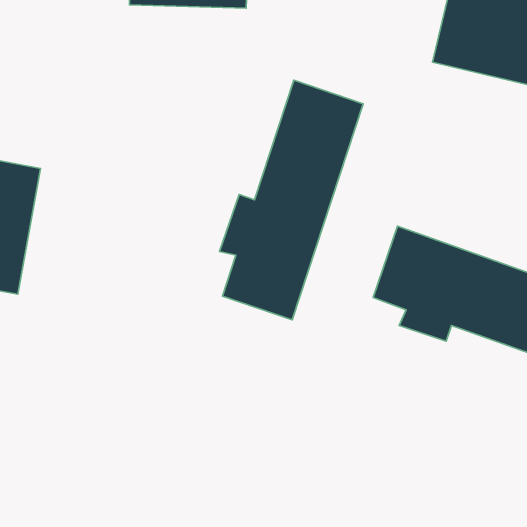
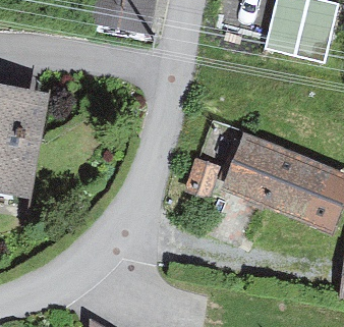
building: [219,80,363,320] -> none

